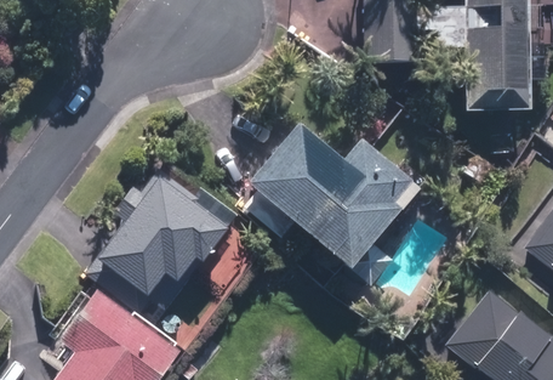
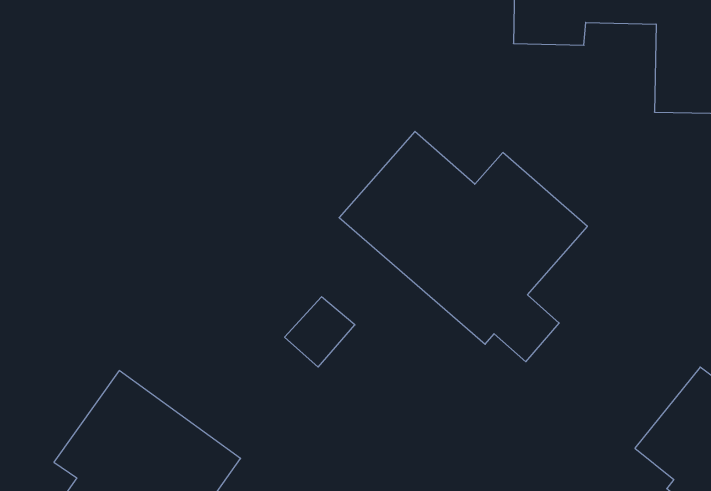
building: [96,158,243,297] -> none

